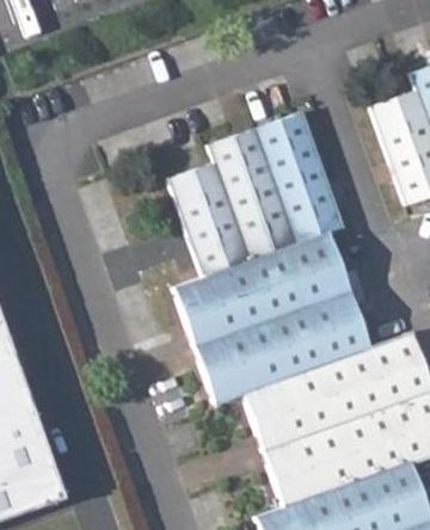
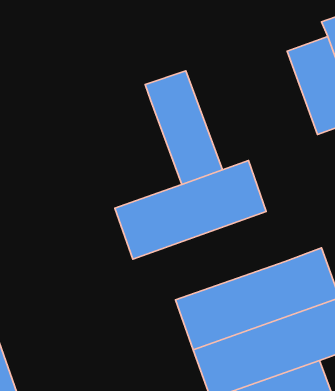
building: [254,112,343,242] -> none
building: [168,162,250,276] -> none
building: [194,290,368,402] -> none

